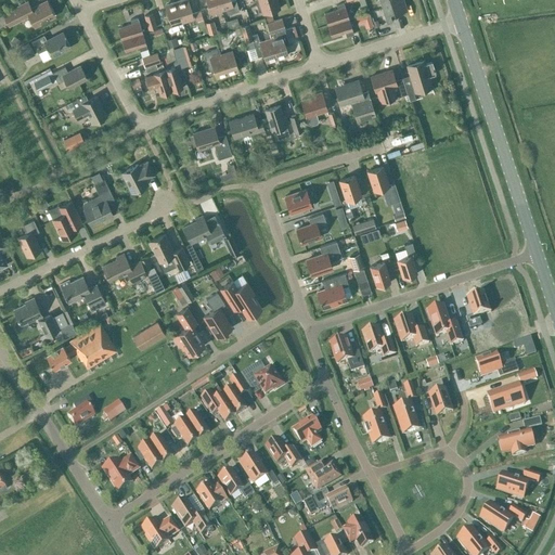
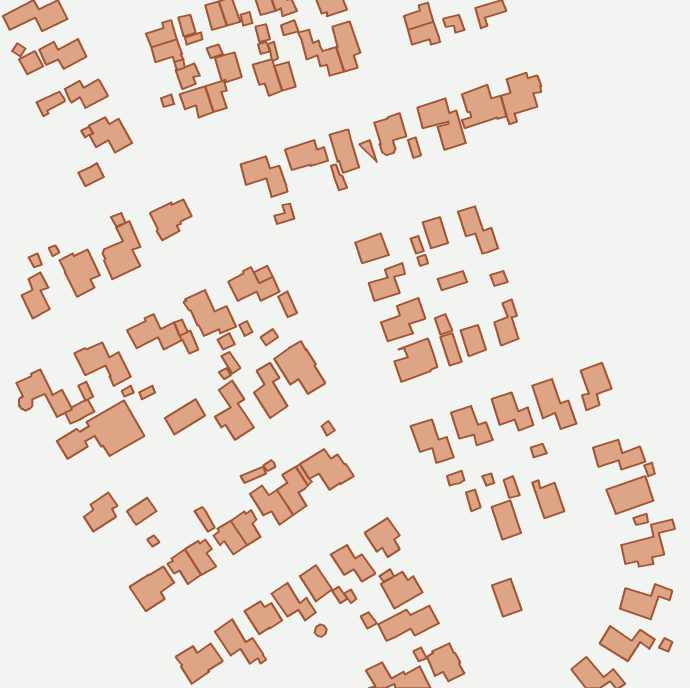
building: [364,413,388,443] -> [492,579,522,616]

